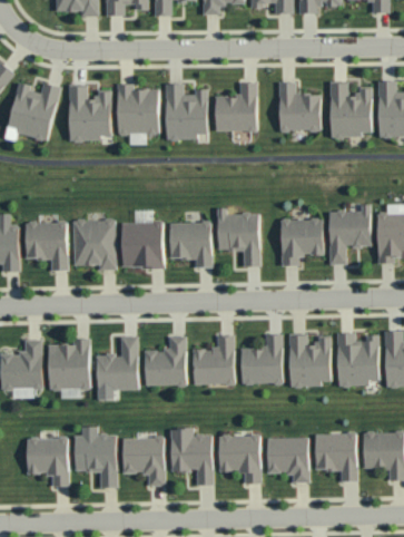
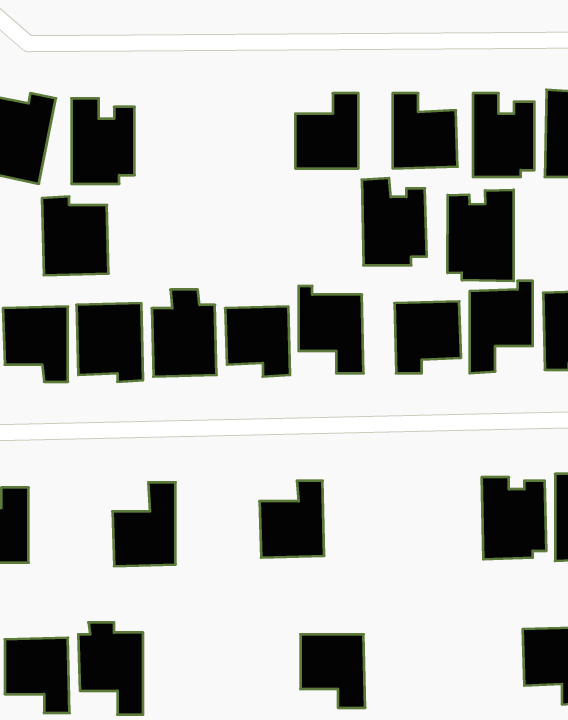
building: [165,82,207,139] -> [362,178,427,265]
building: [116,84,159,135] -> [42,197,109,275]
building: none -> [448,190,514,281]
building: [240,334,282,384] -> none
building: [288,335,331,388] -> none
building: [144,336,186,385] -> none
building: [48,339,89,391] -> none
building: [170,429,213,485] -> none
building: [314,433,357,481] -> none
building: [121,437,165,486] -> none
building: [266,438,308,484] -> none

